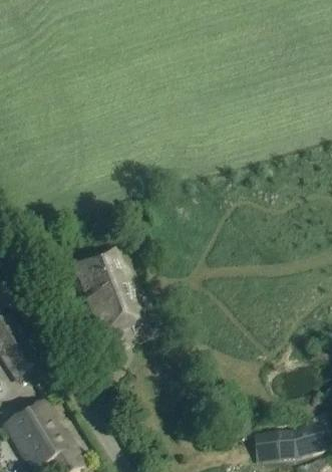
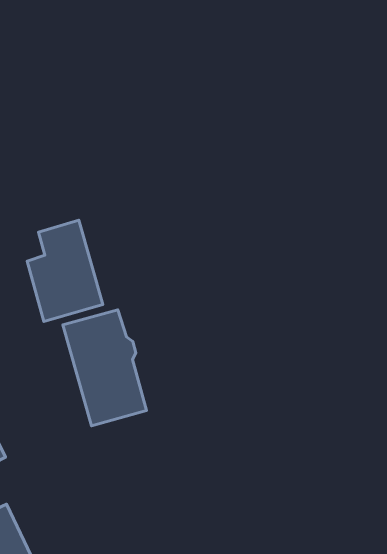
building: none -> [27,220,103,322]

